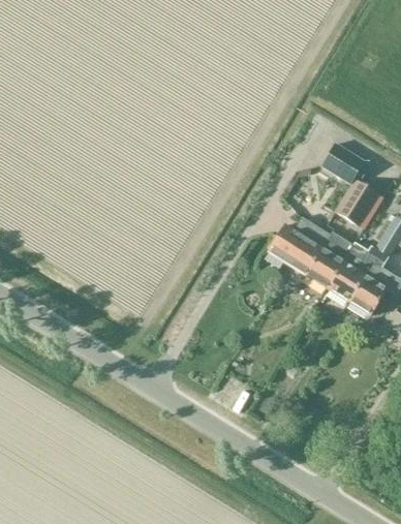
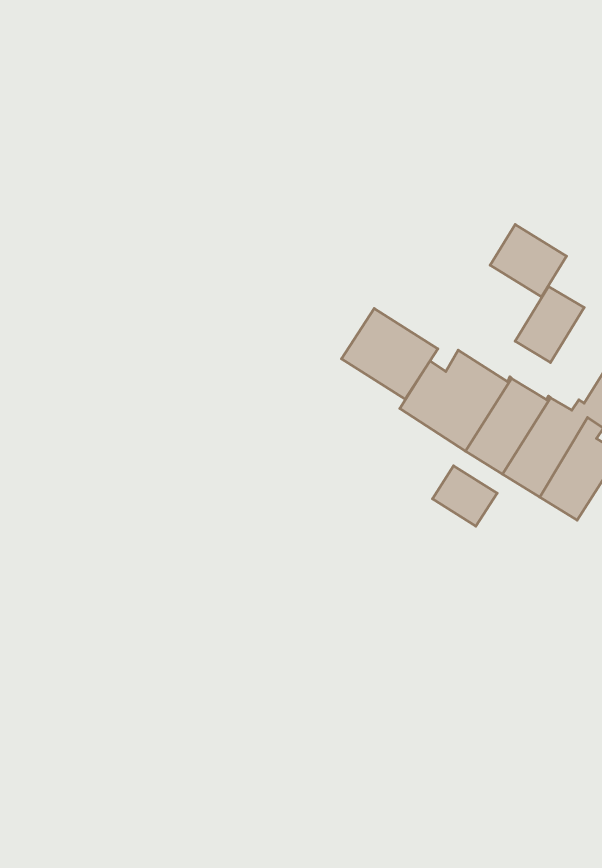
building: none -> [342,309,438,399]
building: none -> [432,466,497,526]

